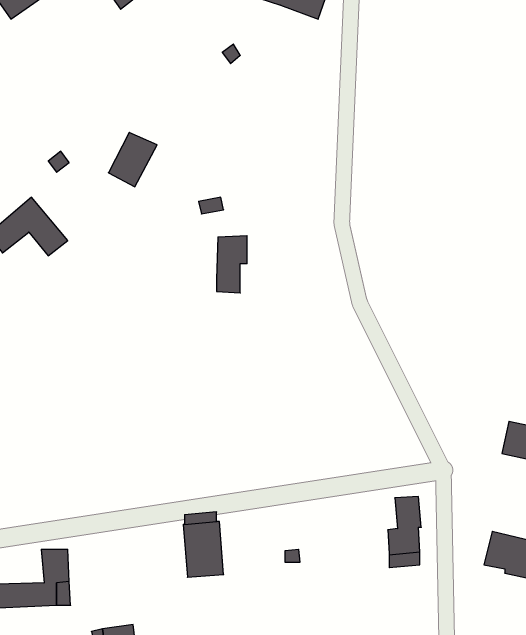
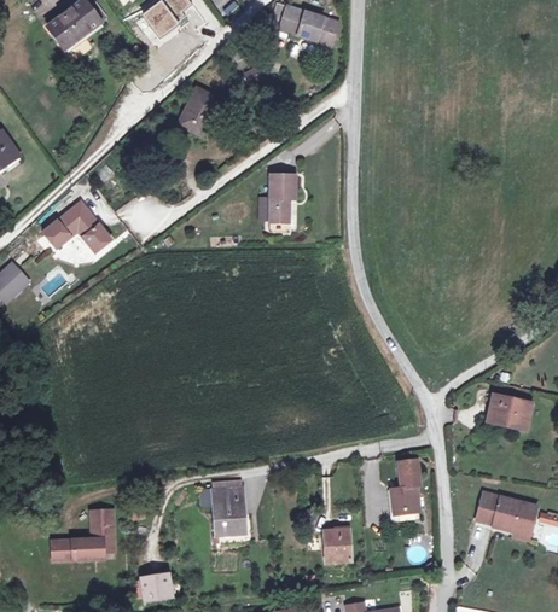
building: [108,132,157,187] -> [175,89,217,136]
building: [217,236,247,293] -> [271,174,297,223]
building: none -> [322,528,348,563]

